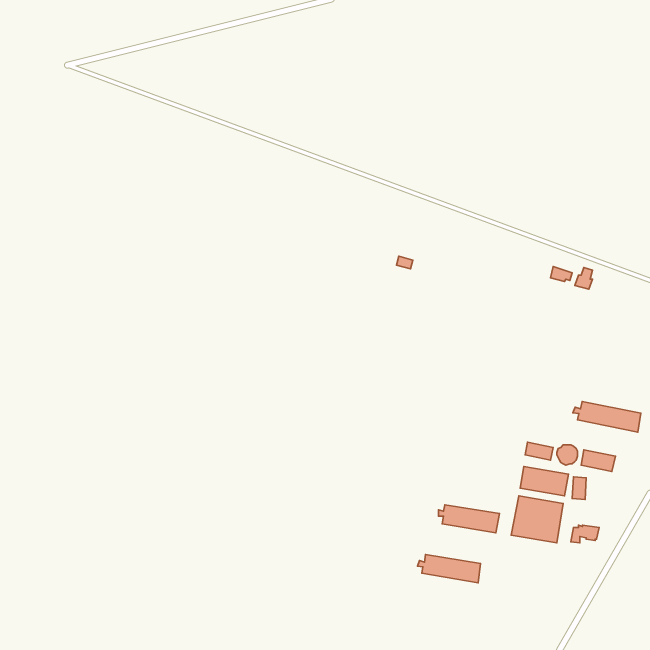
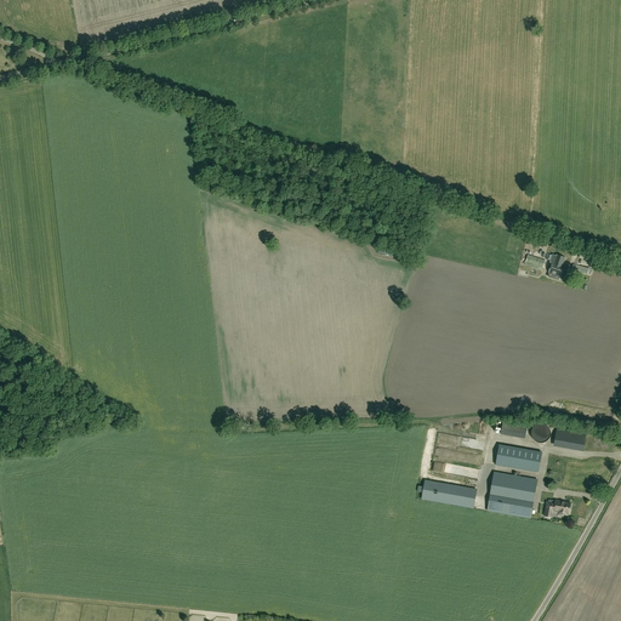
building: [573,402,641,432] -> none
building: [417,554,481,583] -> none

